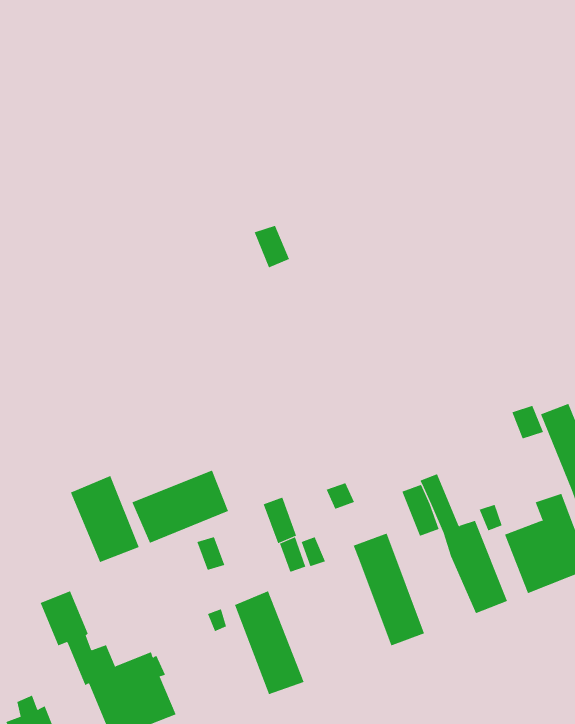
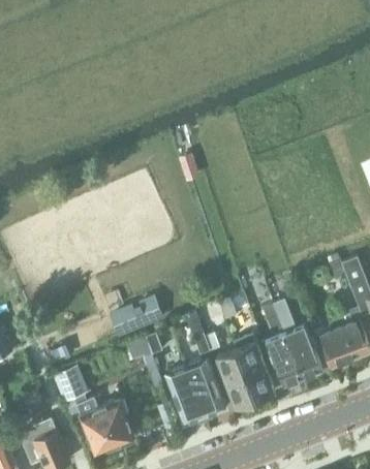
building: [70,475,139,563] -> none
building: none -> [267,333,305,387]
building: none -> [219,348,256,406]
building: none -> [186,358,226,418]

